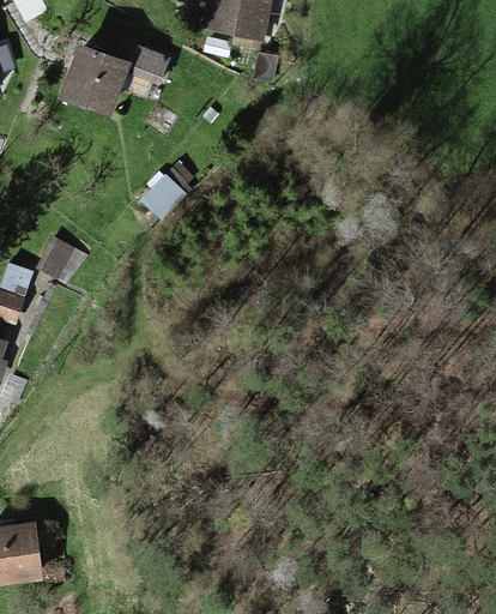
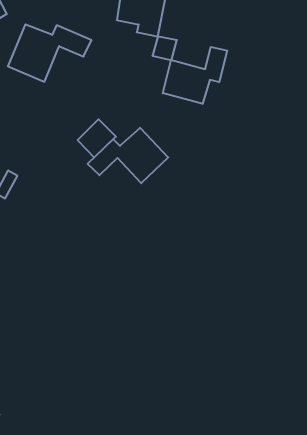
building: none -> [163,47,227,104]
building: none -> [88,128,168,183]

